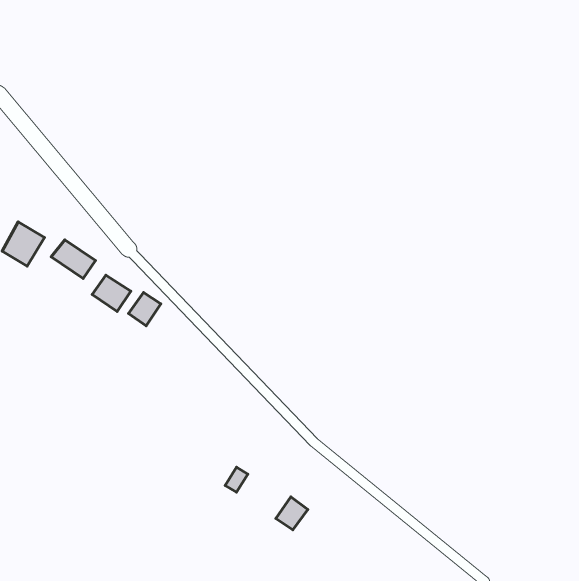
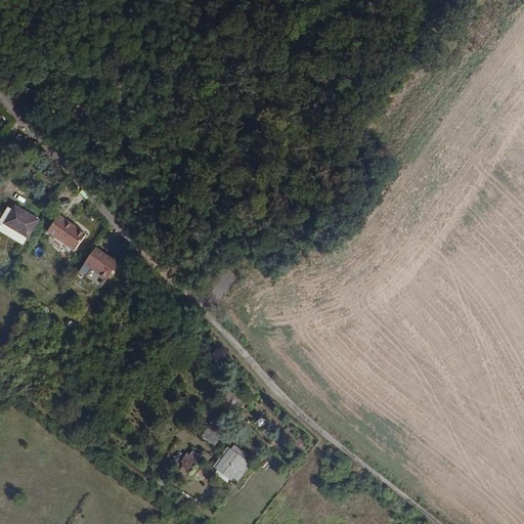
building: [128,293,161,326] -> none
building: [276,497,308,530] -> [216,449,245,479]

